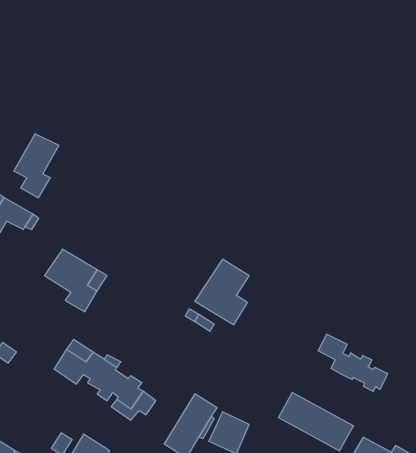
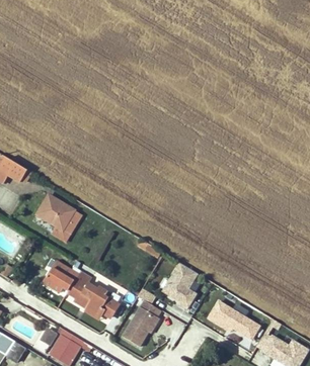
building: [14,134,59,198] -> none
building: [195,259,249,325] -> [158,261,198,308]
building: [318,334,388,392] -> none

